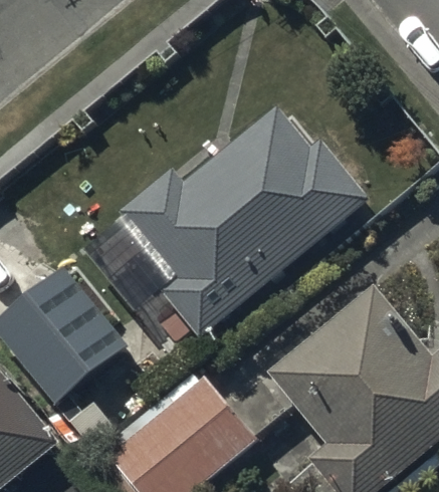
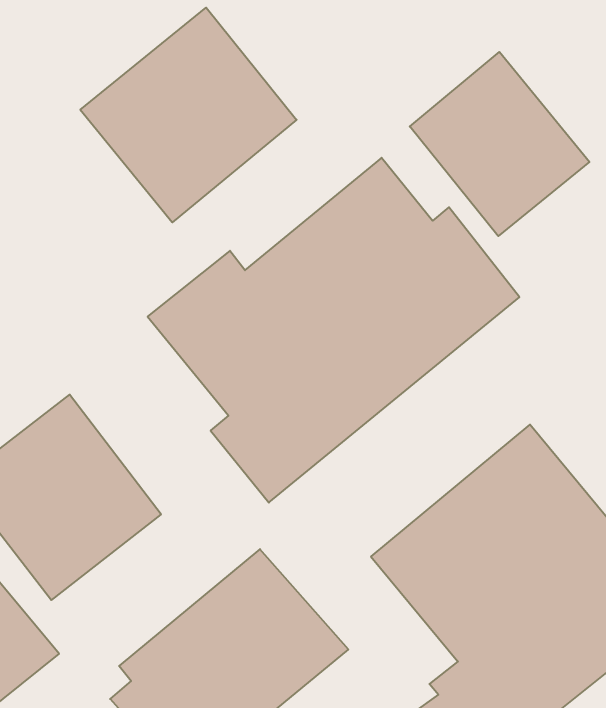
building: none -> [80,8,297,222]
building: none -> [410,52,589,236]

